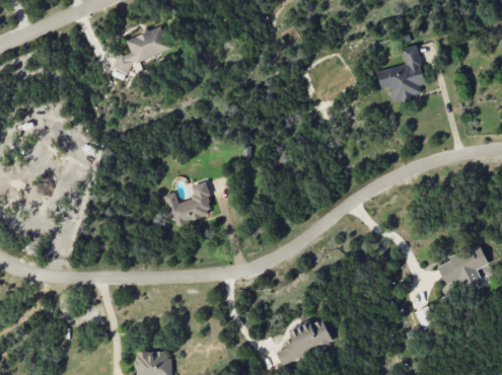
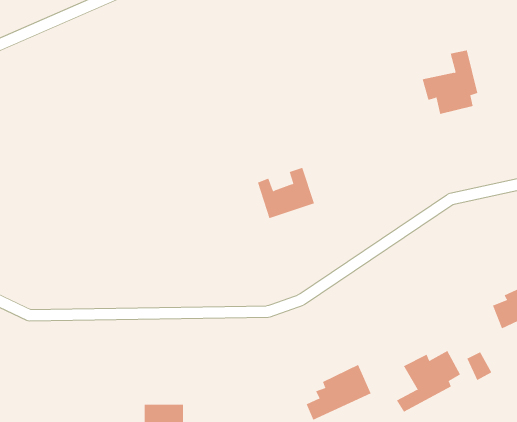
building: [115,26,170,70] -> none
building: [164,182,214,227] -> [257,167,315,219]
building: none -> [396,350,461,413]

